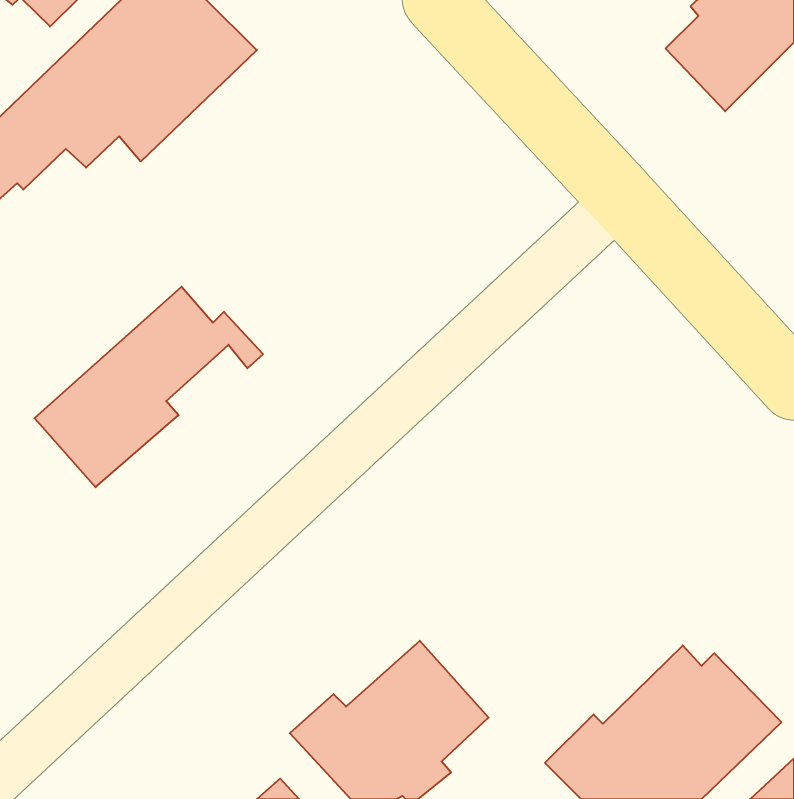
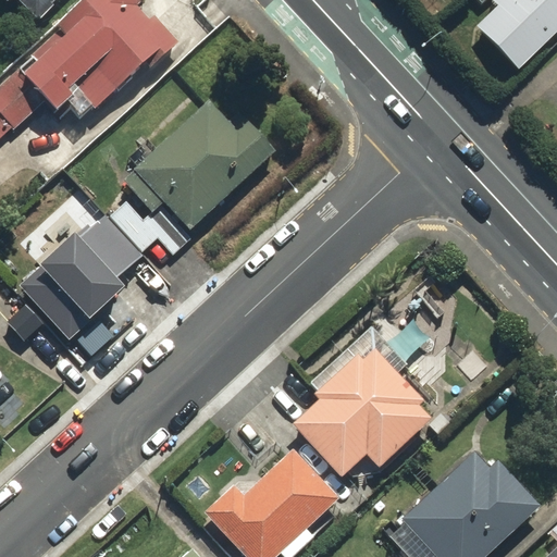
building: none -> [123,97,278,232]
building: none -> [290,323,448,479]

